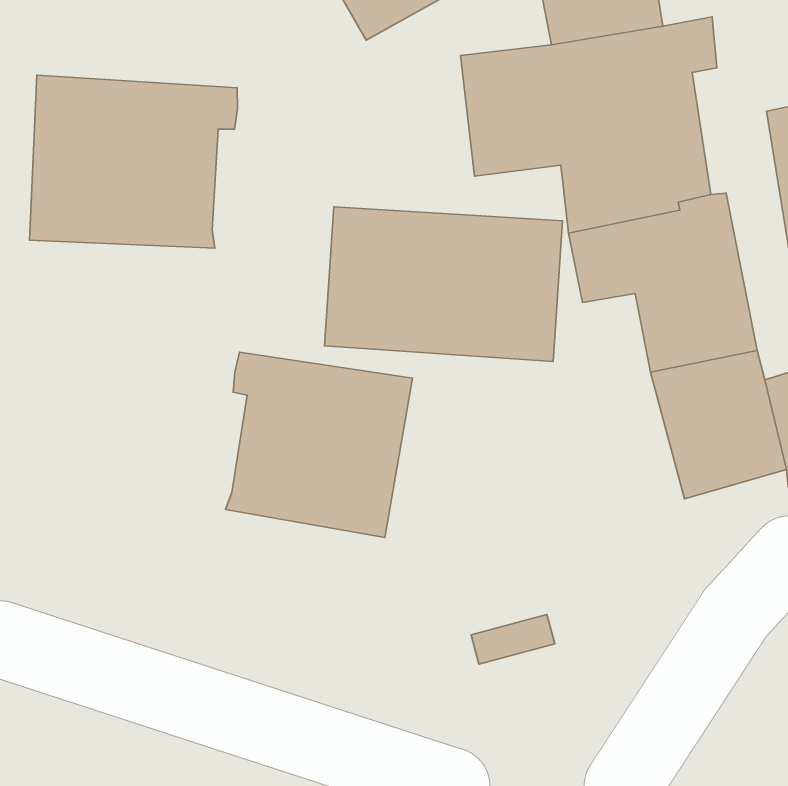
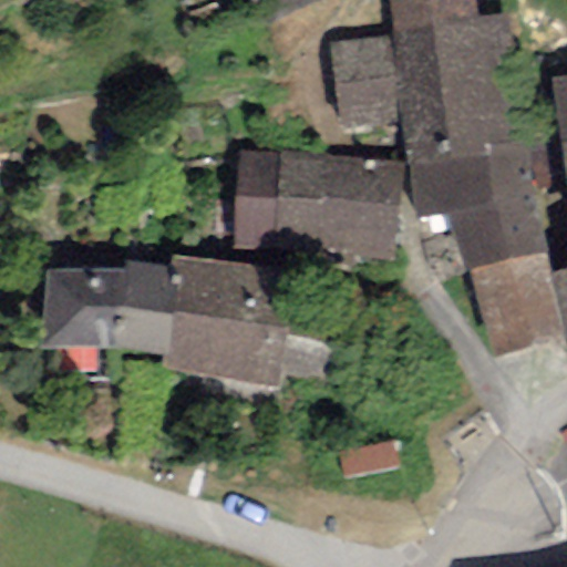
building: [30,75,238,248] -> none
building: none -> [40,259,178,353]

